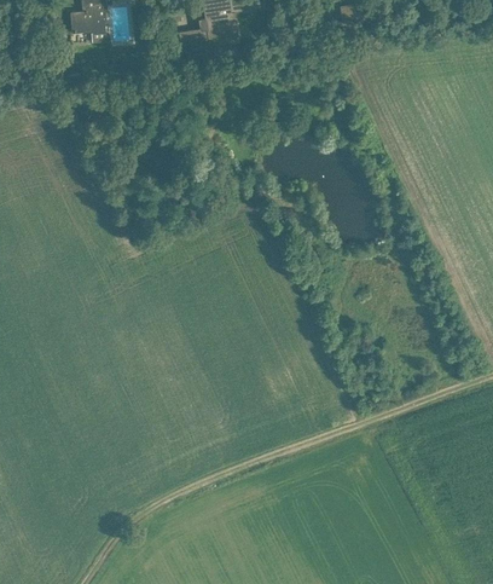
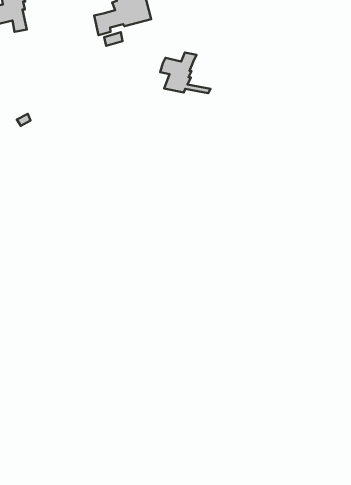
building: none -> [160,53,211,93]

